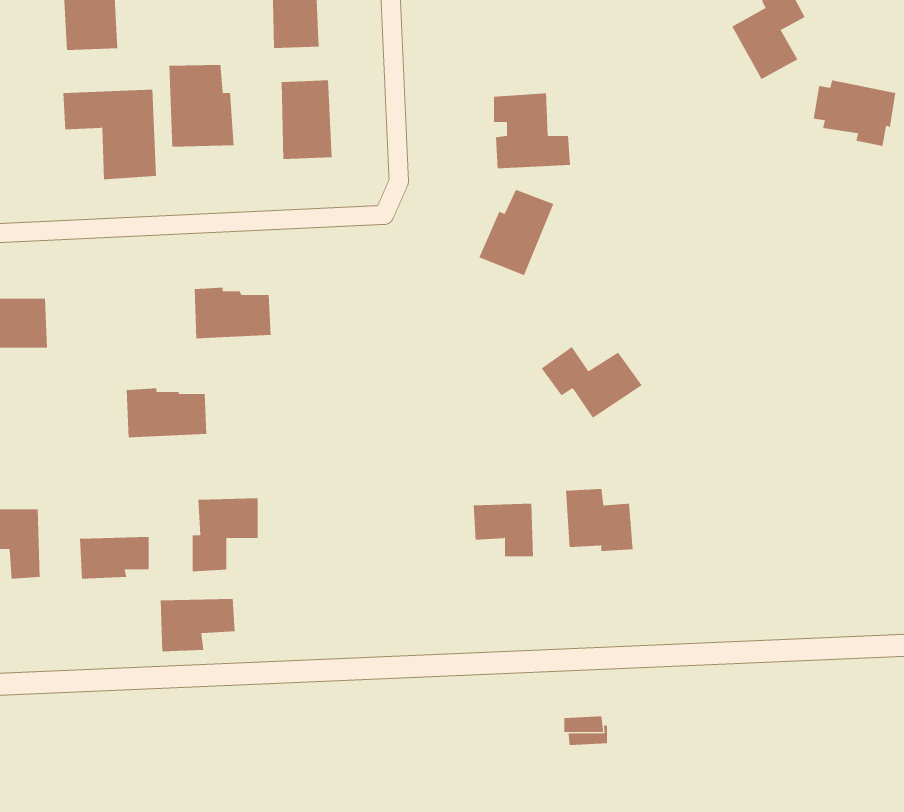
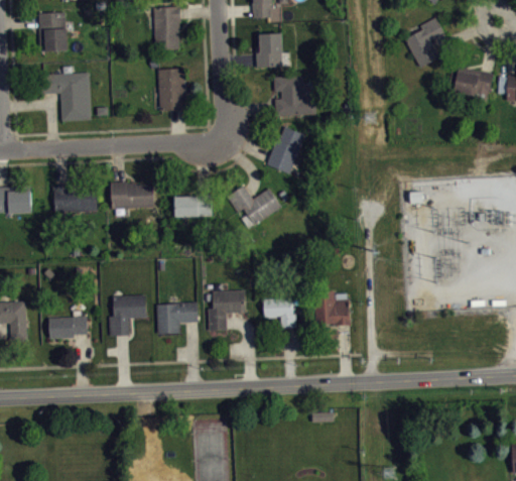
building: none -> [256,33,282,68]
building: [169,64,234,148] -> none
building: none -> [174,196,212,217]
building: [541,346,643,418] -> [227,186,282,225]
building: [126,388,207,438] -> [52,185,97,212]
building: none -> [209,290,246,331]
building: [160,598,235,652] -> [156,304,198,333]

